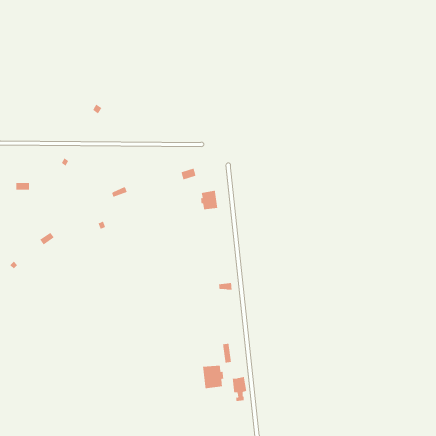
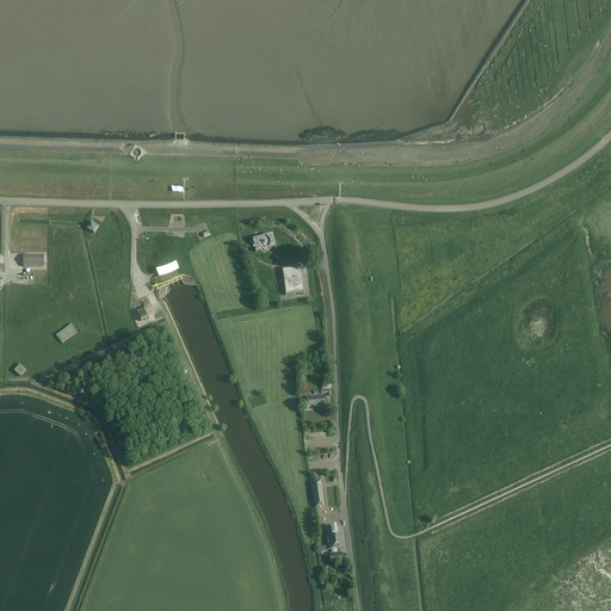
building: [202,365,224,389] -> none

